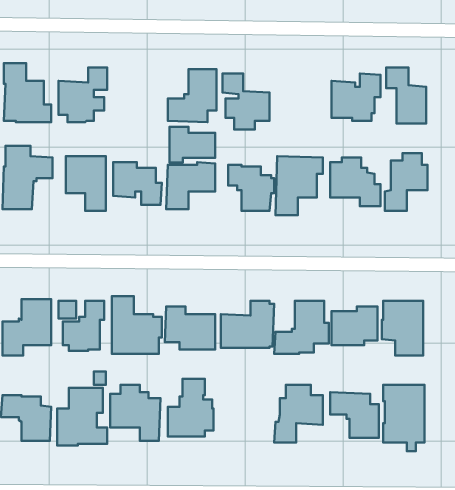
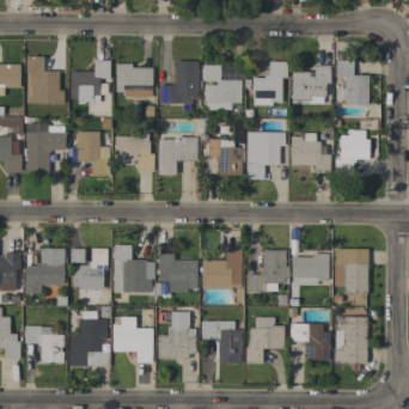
building: none -> [252,61,287,105]
building: [169,127,215,162] -> [116,63,153,92]
building: none -> [201,321,242,364]

